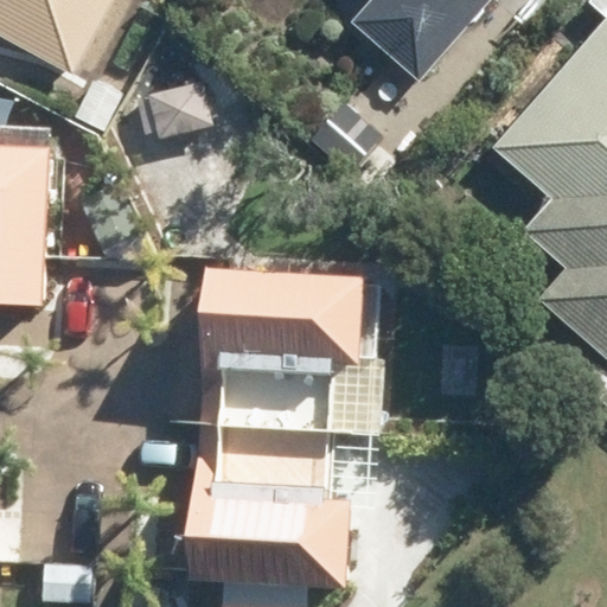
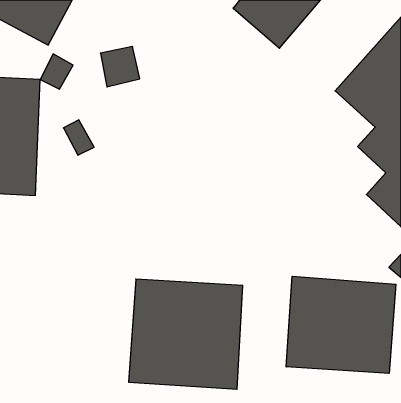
building: [200,263,366,433] -> none
building: none -> [286,276,396,373]

